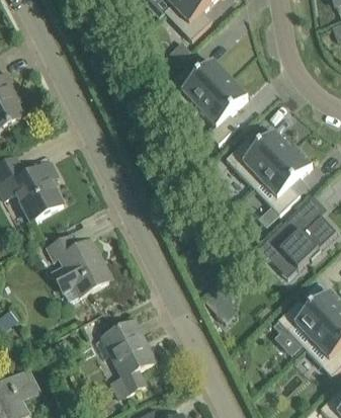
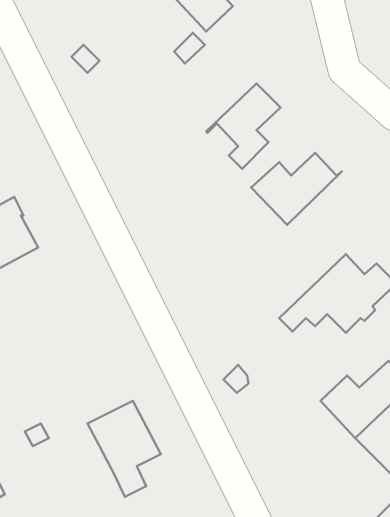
building: [165,61,230,115] -> none
building: [253,146,312,214] -> none
building: [47,234,108,301] -> none

